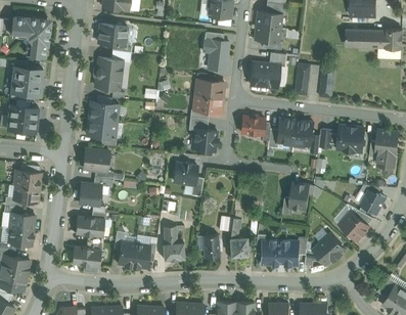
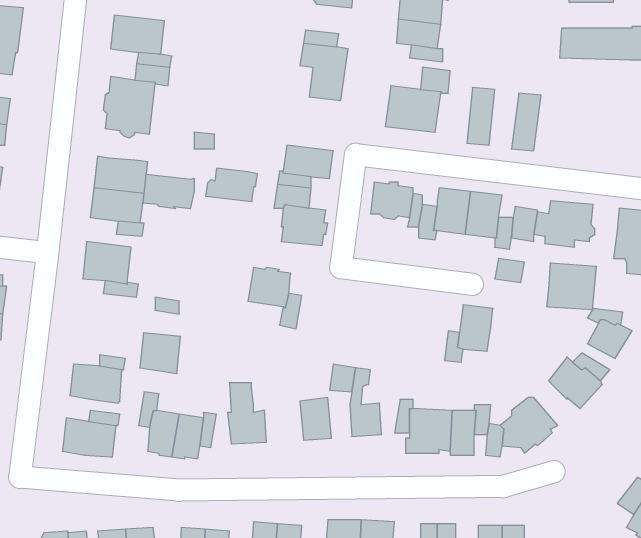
building: [195,81,224,99] -> [206,168,257,202]
building: none -> [143,174,194,209]
building: none -> [547,263,596,310]
building: [79,184,101,207] -> [140,333,181,374]

